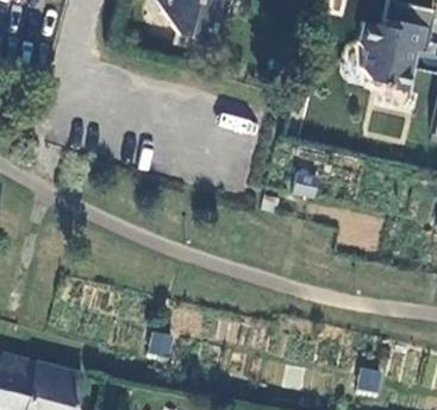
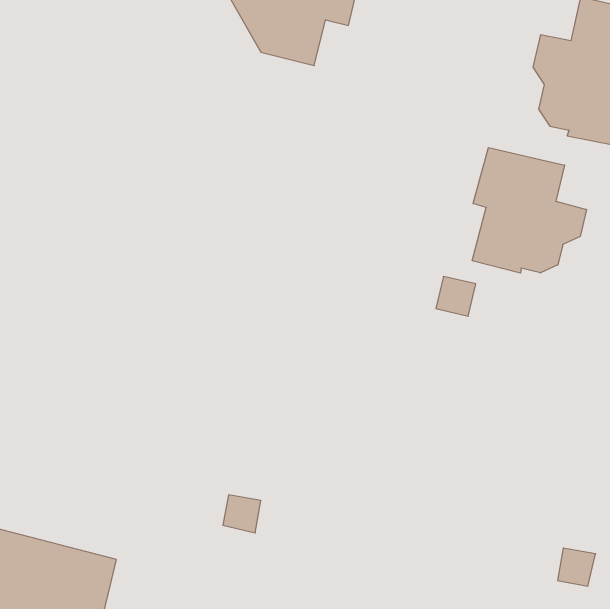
building: none -> [472,148,586,273]

